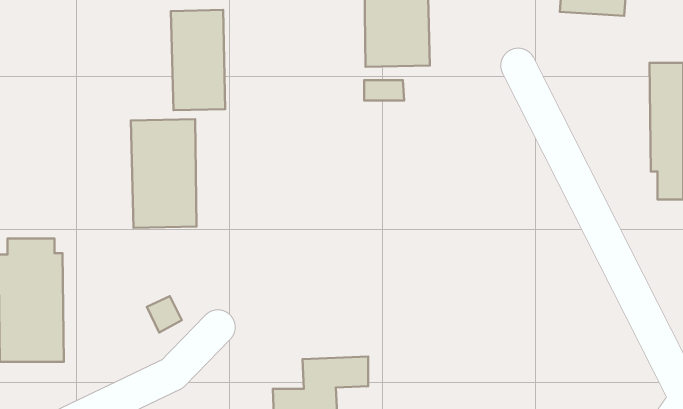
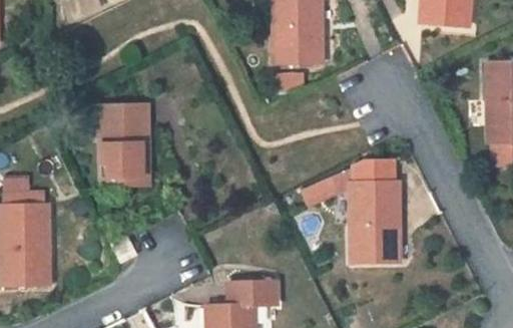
building: [171,10,225,110] -> none
building: none -> [302,160,399,262]

